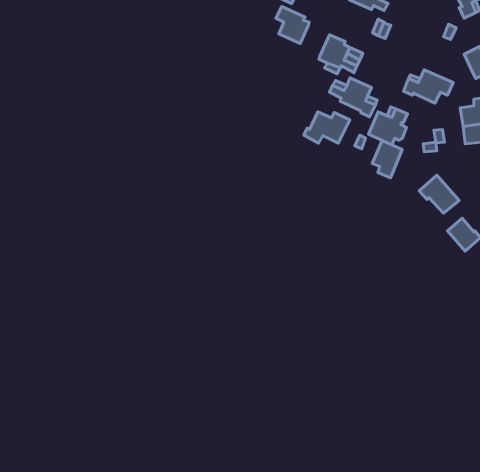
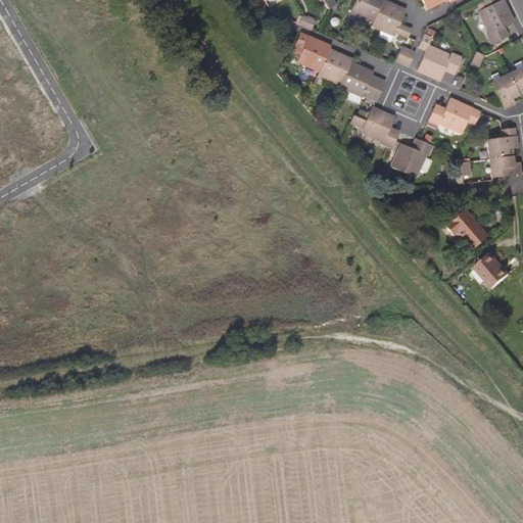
building: none -> [418,34,463,79]
building: none -> [319,51,352,84]
building: [304,112,350,143] -> none
building: [372,141,402,178] -> none

